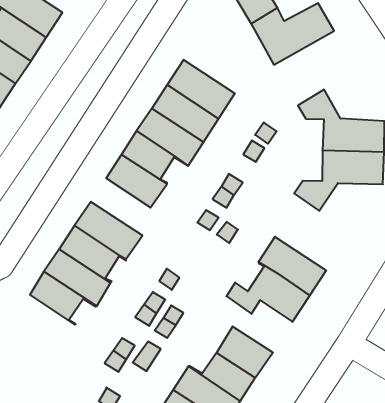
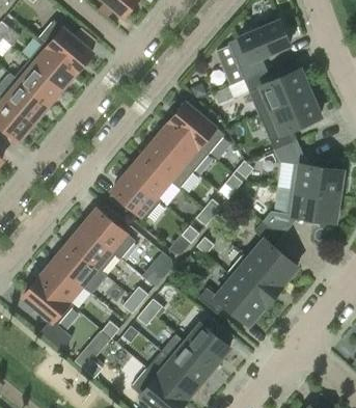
building: none -> [258,93,321,151]
building: none -> [243,221,298,287]
building: none -> [23,278,73,351]

